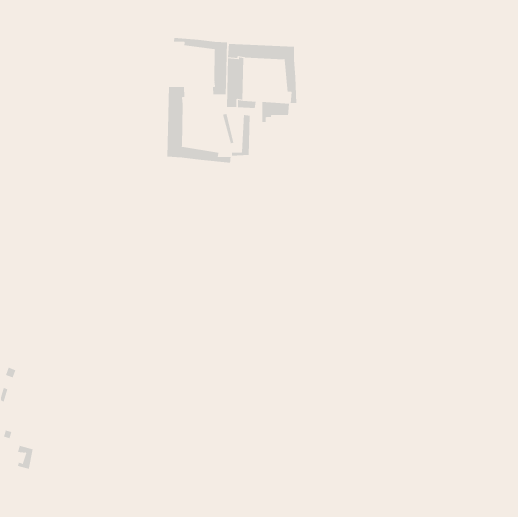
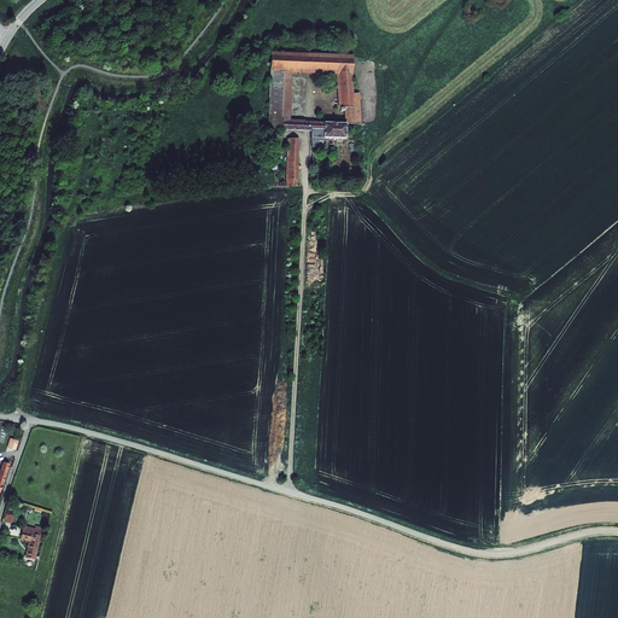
building: [174,37,227,95] -> none
building: [167,86,231,164] -> none

